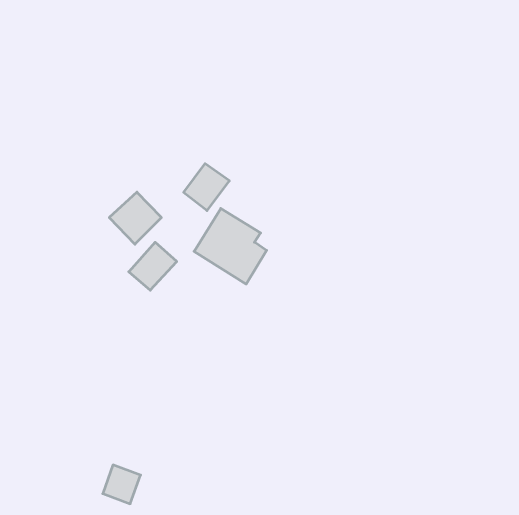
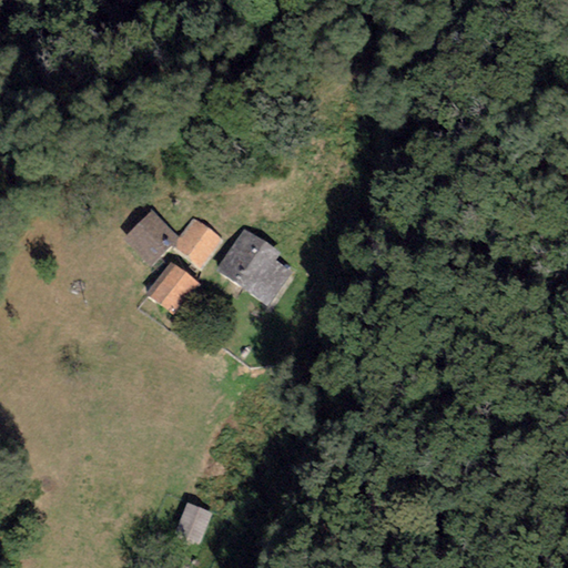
building: [184,164,229,211] -> [173,215,223,266]
building: [103,465,141,504] -> [176,499,217,541]

